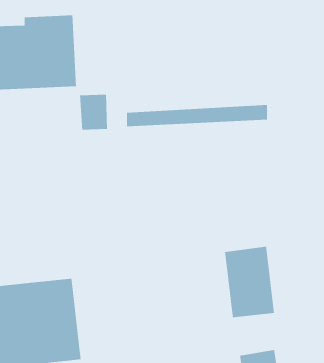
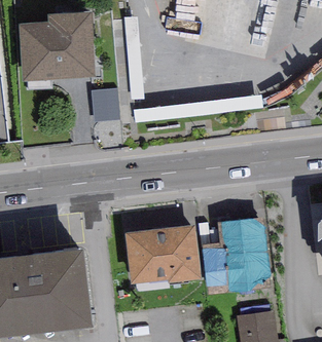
building: none -> [131,229,199,280]

